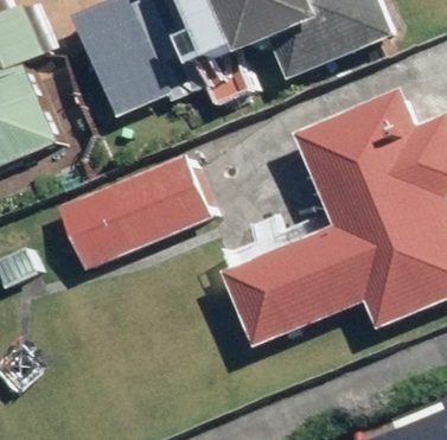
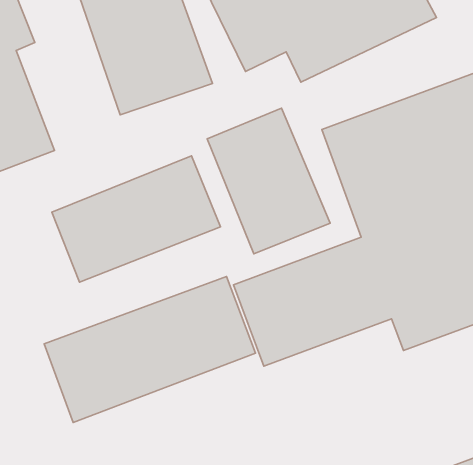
building: none -> [207,108,330,254]
building: none -> [44,277,256,423]

